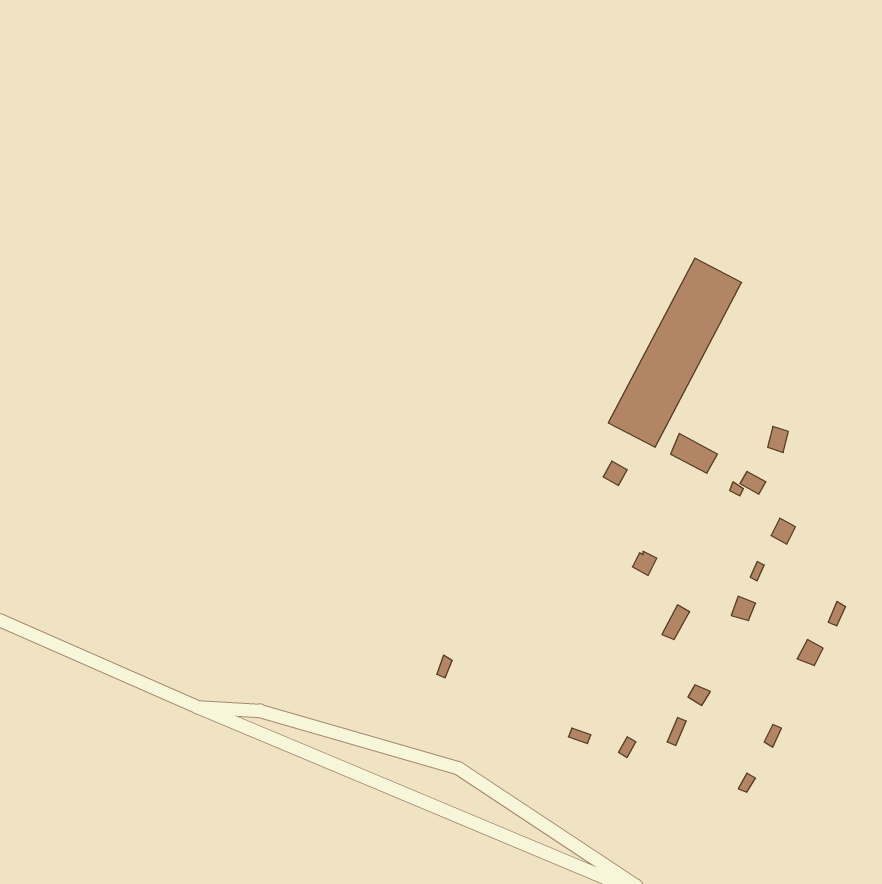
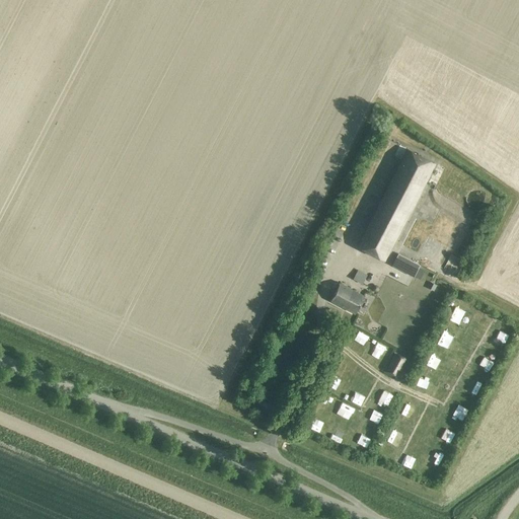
building: none -> [331,285,365,315]

